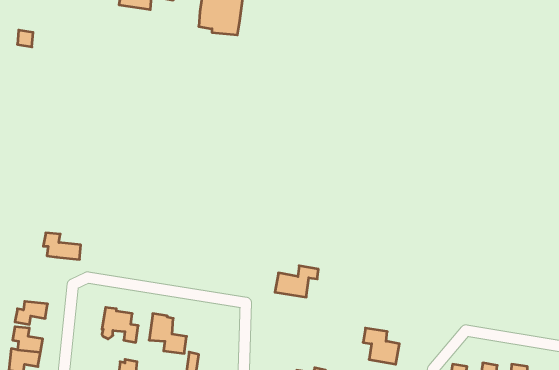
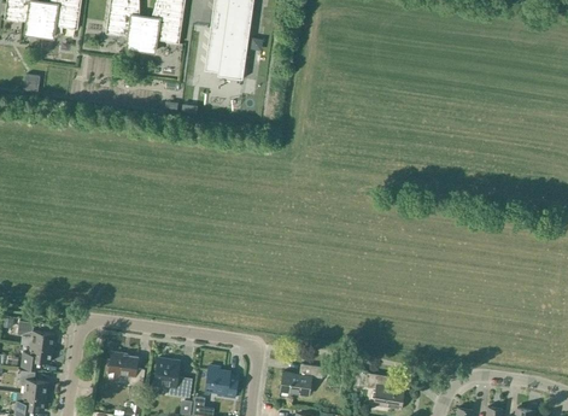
building: [43,233,81,259] -> [17,322,54,348]
building: [275,266,318,297] -> [281,364,324,396]
building: none -> [205,365,236,398]

